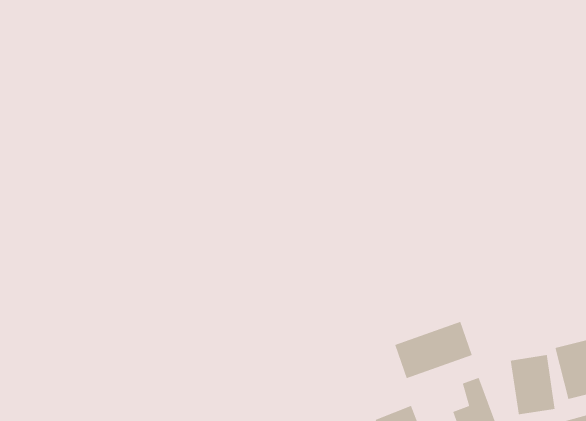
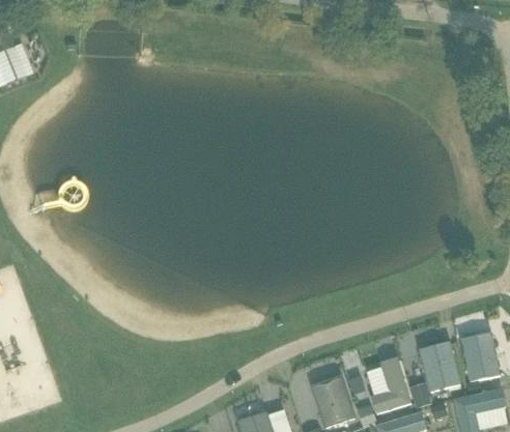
building: [394,321,473,379] -> none

